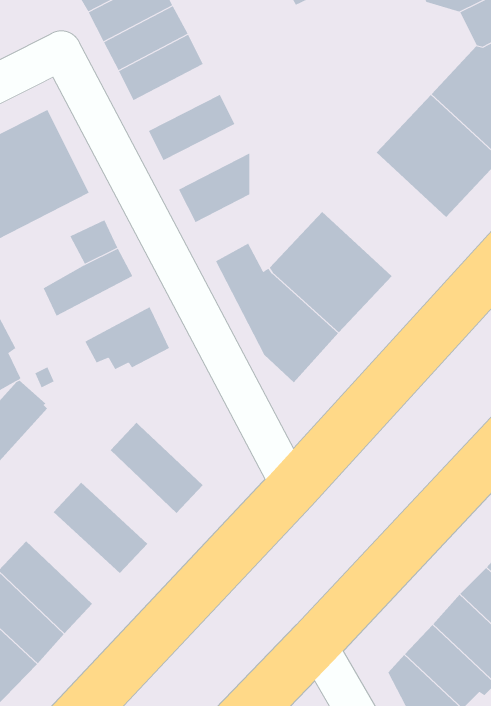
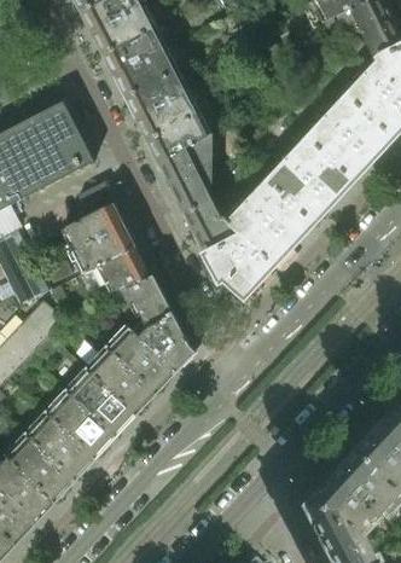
building: none -> [124,69,187,117]
building: none -> [146,112,209,159]
building: none -> [261,133,350,222]
building: none -> [169,163,209,211]
building: none -> [50,222,136,285]
building: none -> [117,274,194,373]
building: none -> [87,348,156,416]
building: none -> [47,393,115,459]

